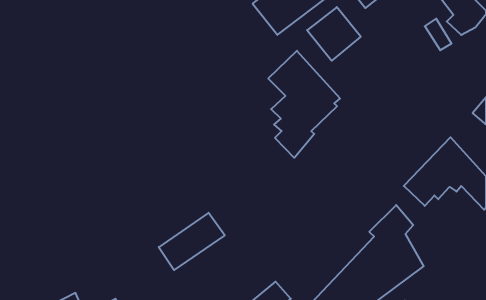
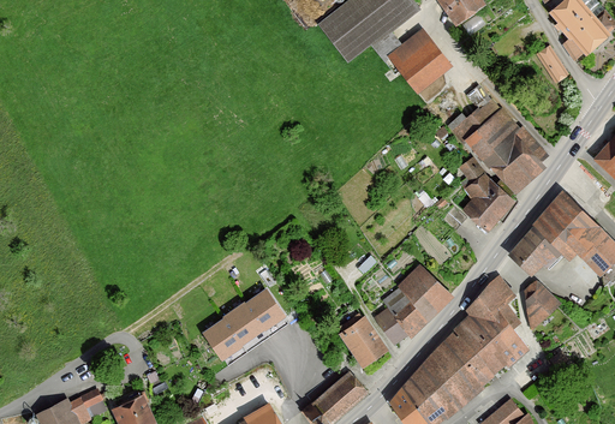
building: [268,51,340,158] -> [455,97,545,232]
building: none -> [375,265,447,347]
building: none -> [524,281,560,330]
building: none -> [336,312,384,363]

